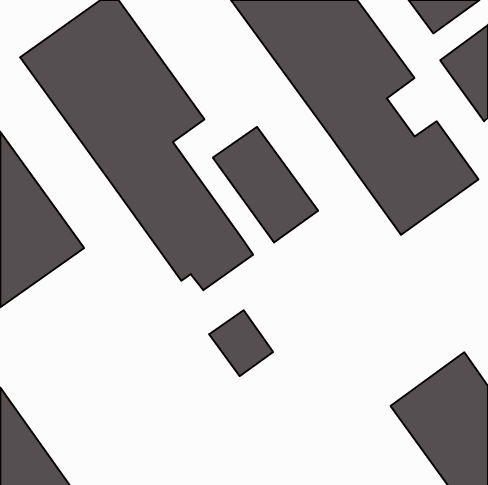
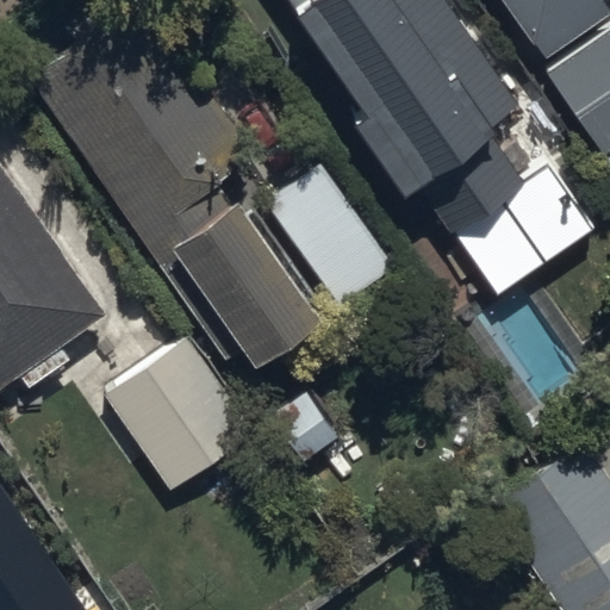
building: none -> [105,334,259,493]

